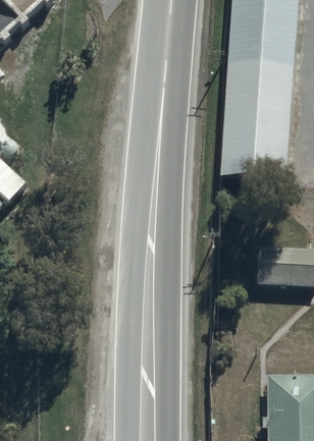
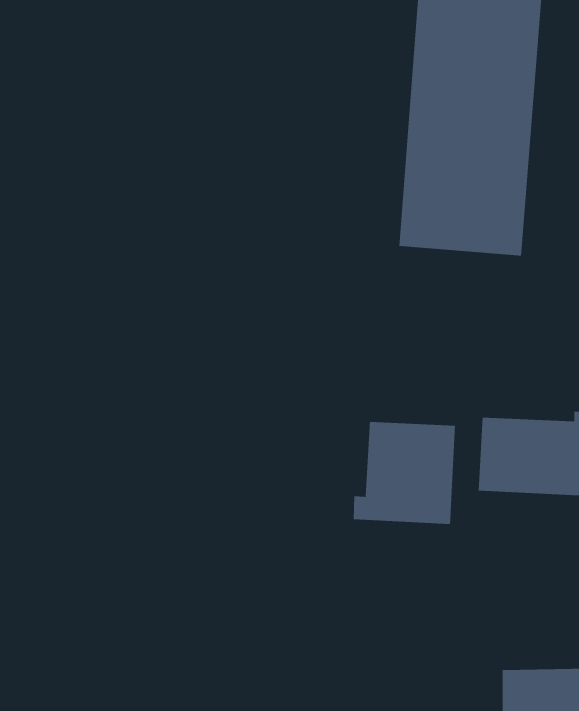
building: none -> [353,421,455,525]

